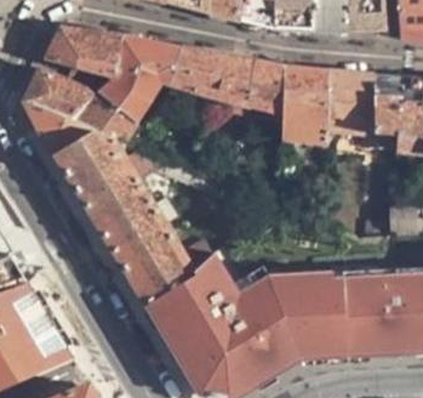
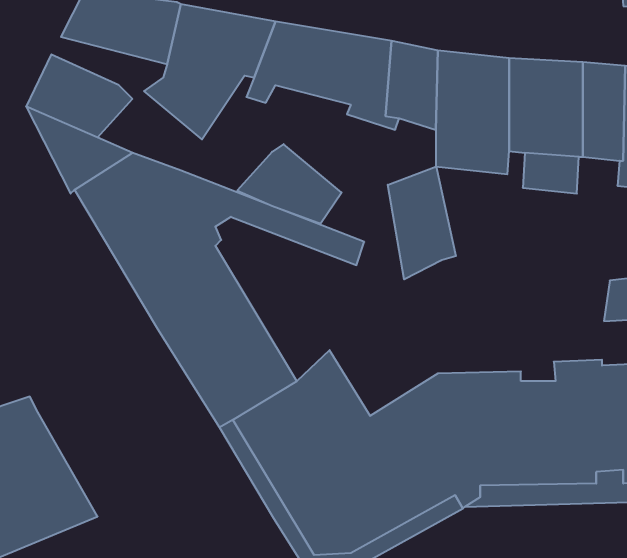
building: [70,92,136,142] -> [237,144,342,223]
building: none -> [388,167,456,279]

